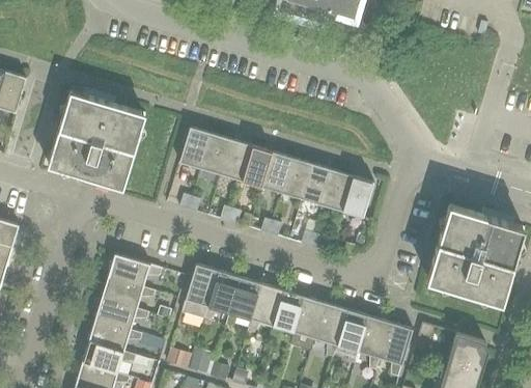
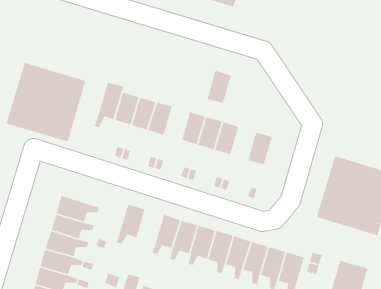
building: none -> [94,82,124,128]
building: [241,145,272,187] -> [207,70,232,104]
building: [322,170,353,212] -> none
building: [204,271,240,321] -> none

